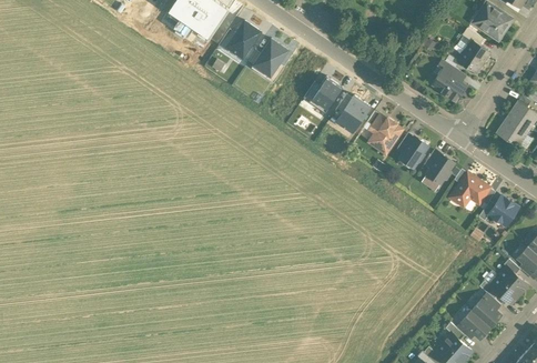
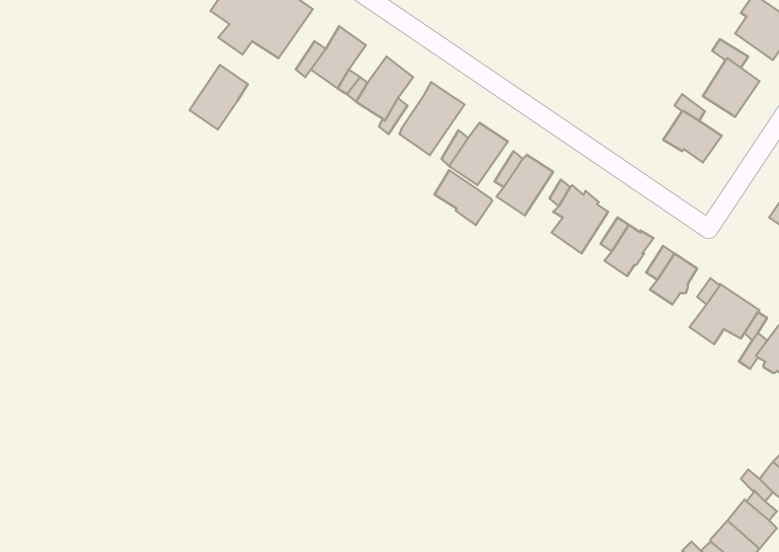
building: none -> [190,65,248,130]
building: none -> [399,82,465,155]
building: none -> [435,170,492,225]

